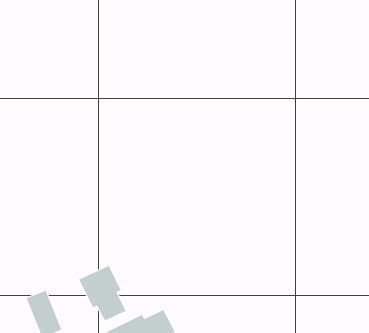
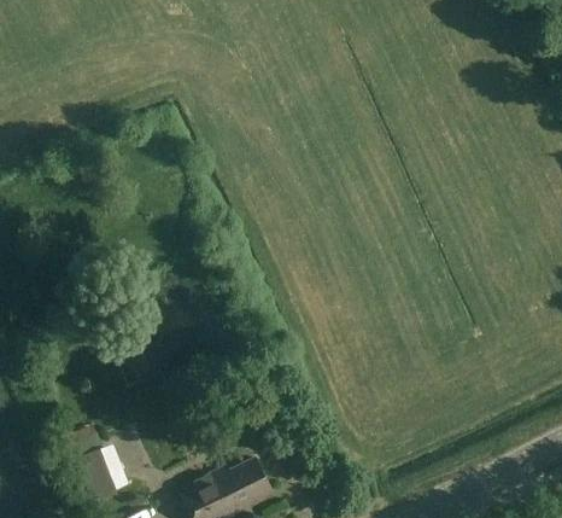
building: [79,265,126,321] -> none

